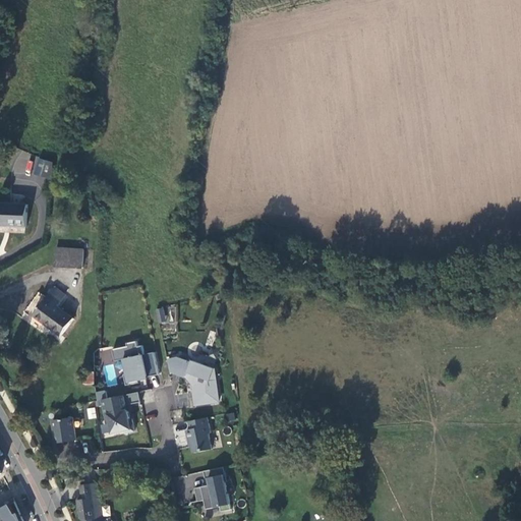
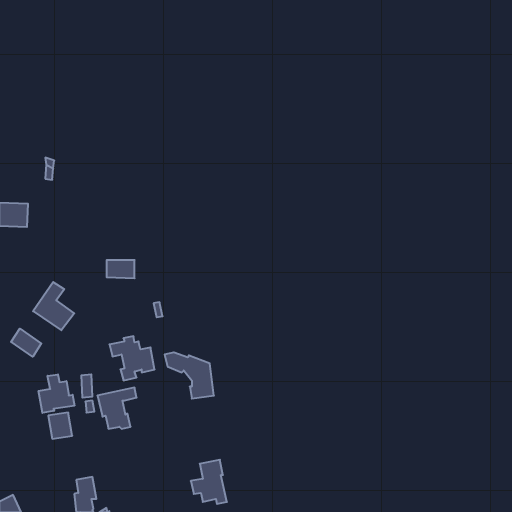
building: [54,249,82,268] -> [107,260,135,278]
building: none -> [11,329,41,357]
building: none -> [39,374,74,413]
building: [184,417,211,453] -> none

